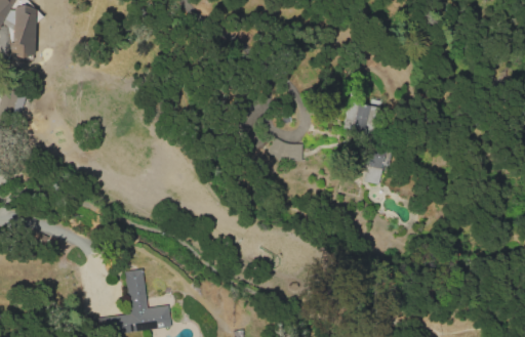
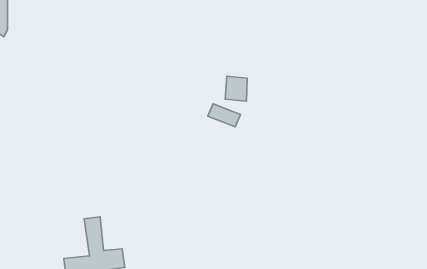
building: [344,102,369,131] -> [225,76,247,101]
building: [364,145,383,182] -> none

